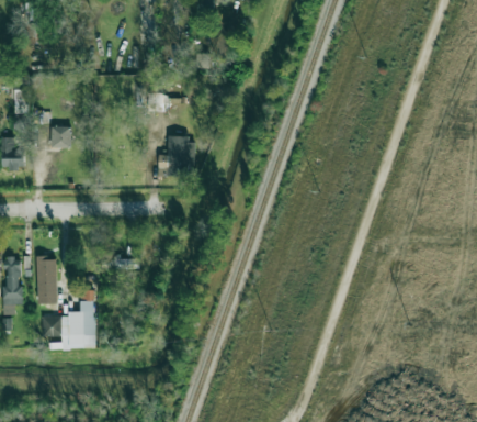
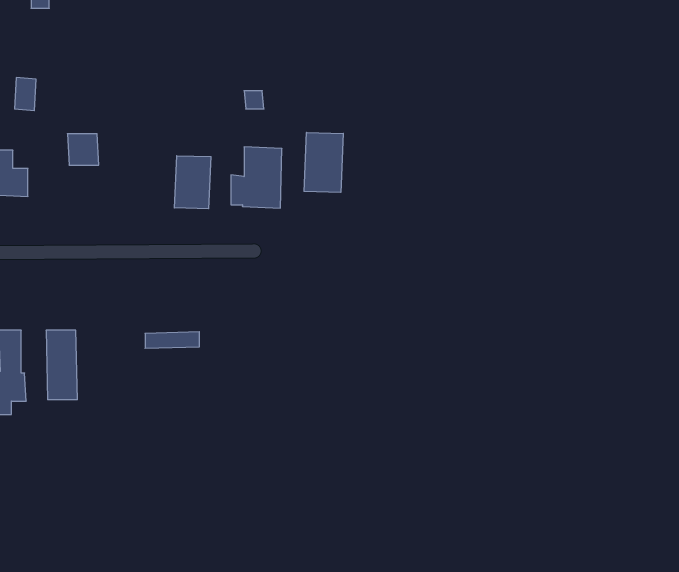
building: none -> [304,132,343,192]
building: none -> [174,156,211,209]
building: [42,290,95,348] -> none

